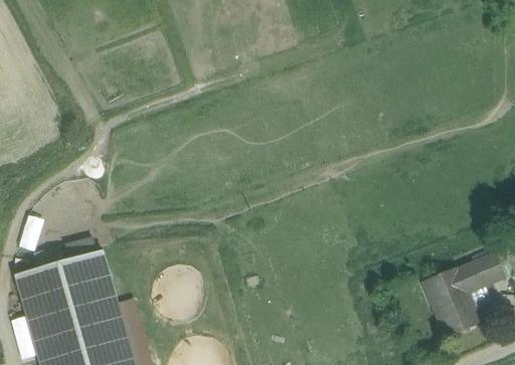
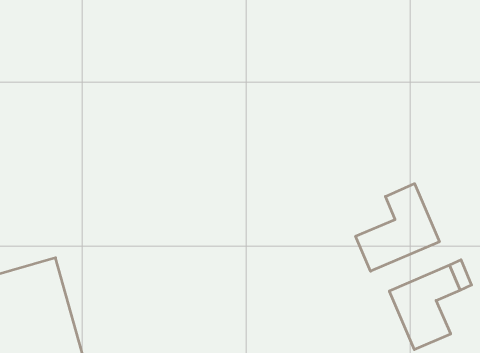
building: none -> [356,184,439,271]

